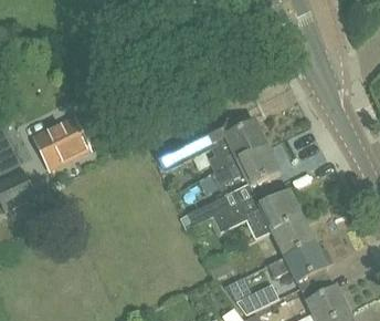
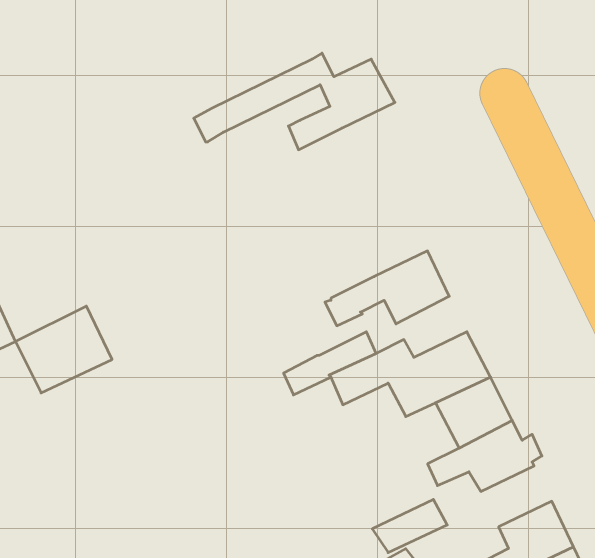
building: [155,117,267,172] -> [194,53,395,150]
building: [34,118,88,167] -> [15,306,112,393]

